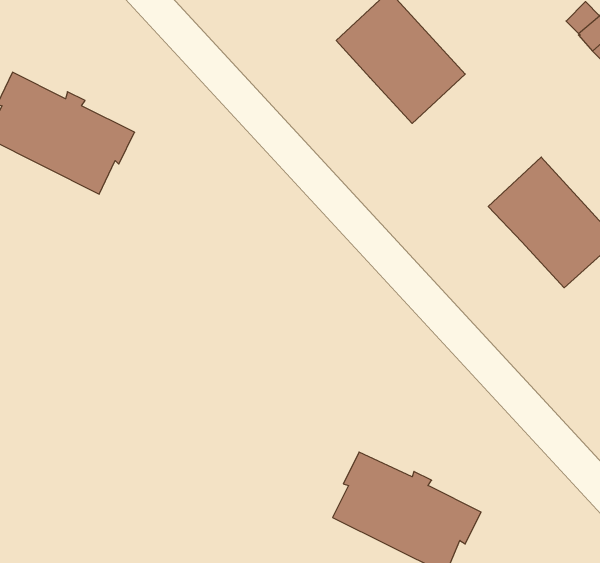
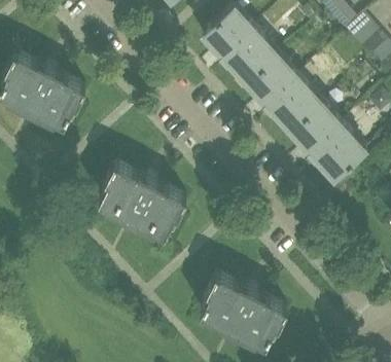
building: none -> [247,55,322,132]
building: none -> [99,164,186,234]

